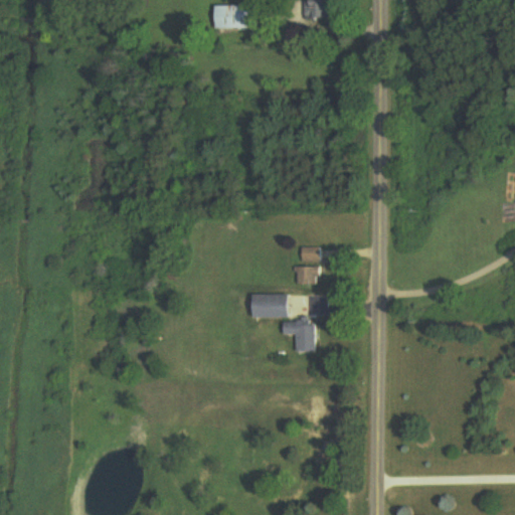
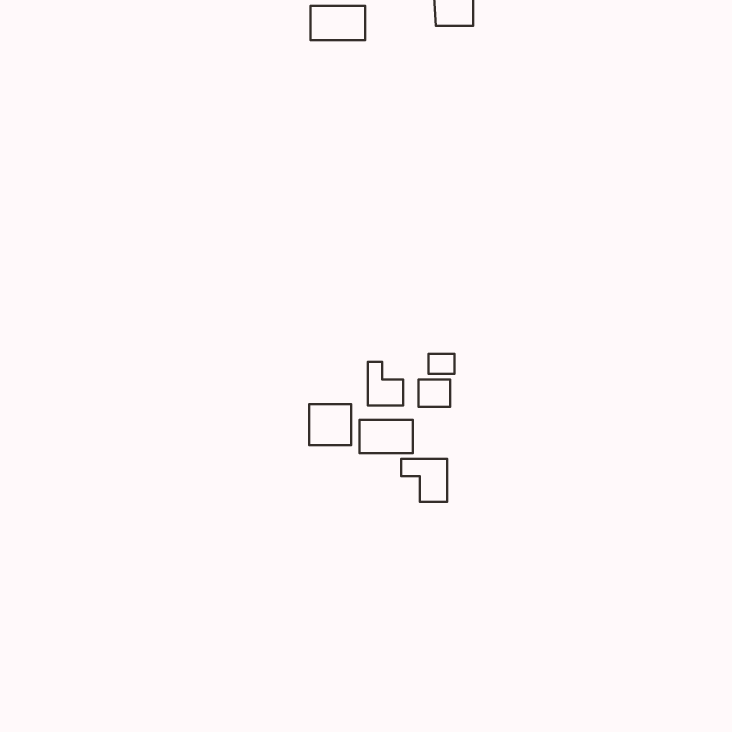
building: none -> [368,362,403,405]
building: none -> [309,404,351,445]

